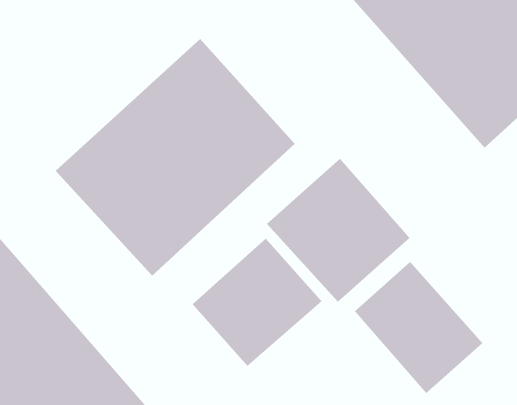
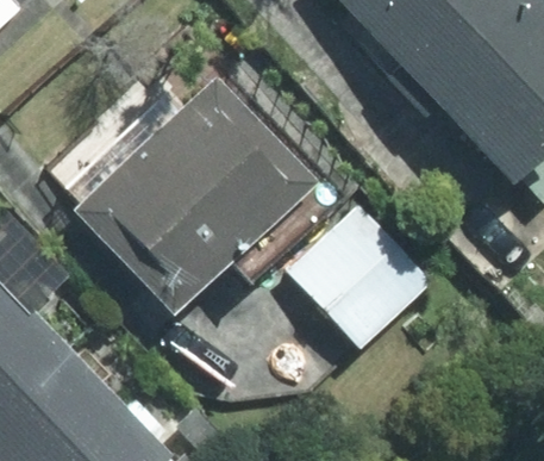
building: [192,238,322,367] -> none
building: [354,261,483,394] -> none

